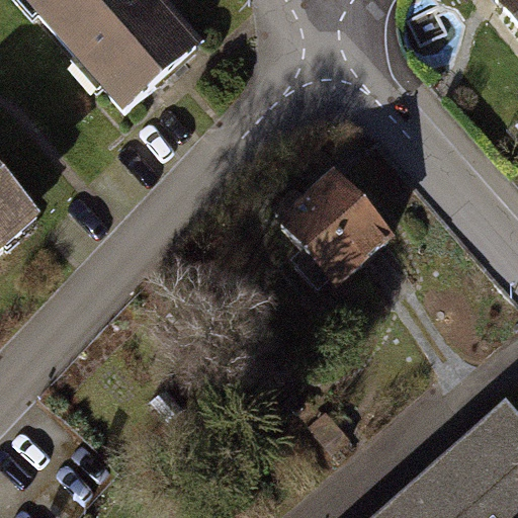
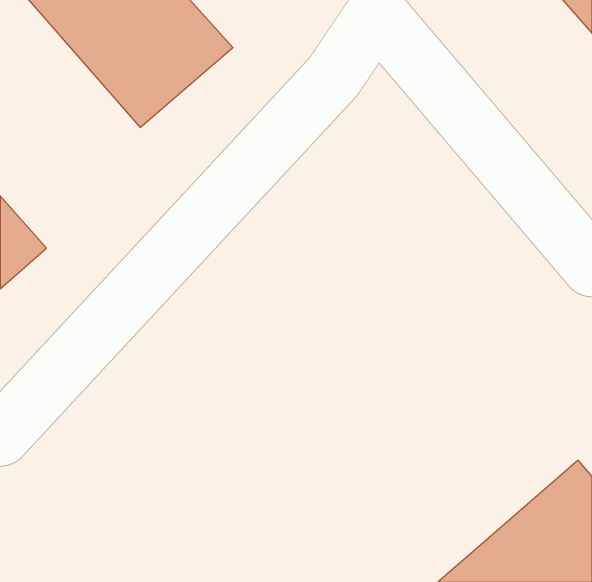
building: [276,166,397,287] -> none

